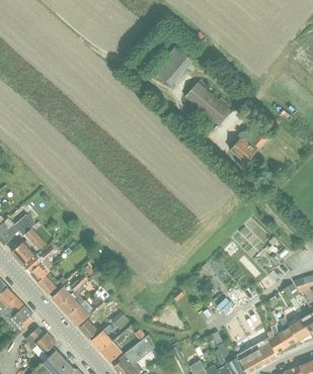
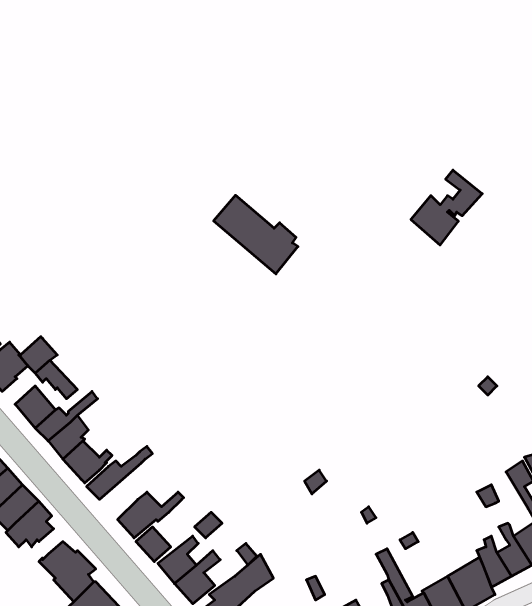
building: [156,49,190,84] -> none
building: [184,83,231,126] -> [214,195,298,274]
building: [58,285,85,316] -> none

